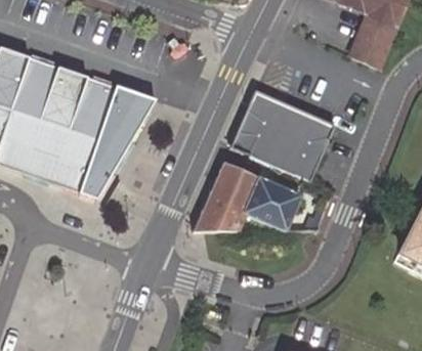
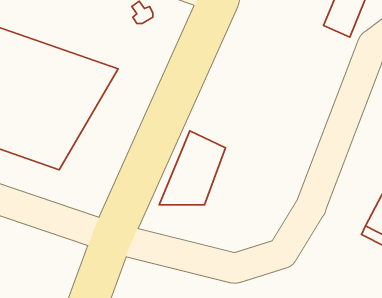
building: [231,90,337,179] -> none
building: [248,177,303,232] -> none

